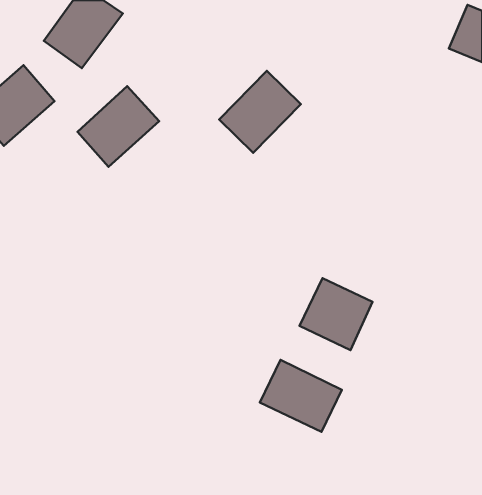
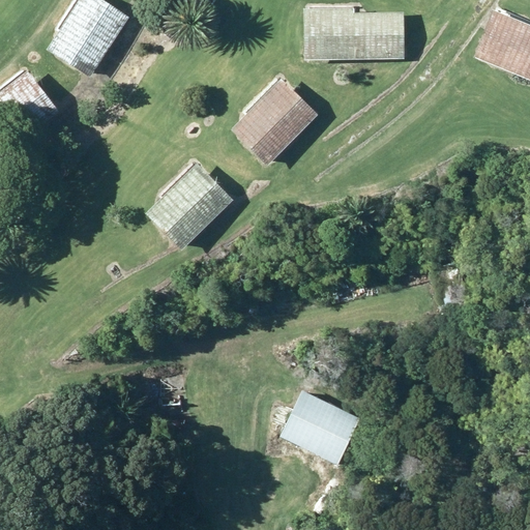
building: none -> [303,8,404,60]
building: [77,86,159,167] -> [148,164,235,249]
building: [300,278,373,350] -> none

